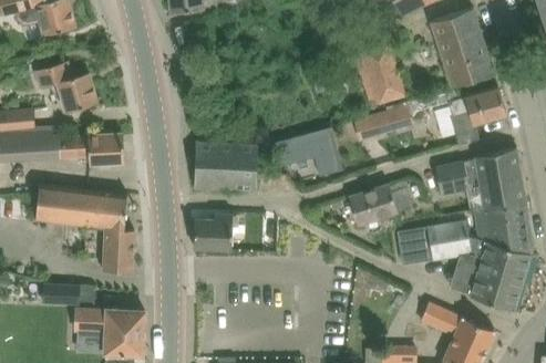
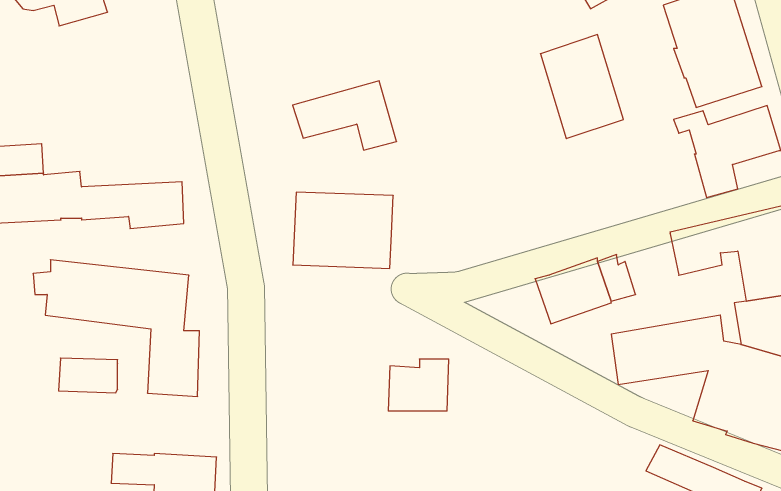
building: [37,62,97,113] -> none
building: [353,103,413,141] -> none
building: [275,129,341,174] -> [293,81,397,150]
building: [194,215,233,248] -> [388,359,449,411]
building: [42,283,80,305] -> [59,358,118,393]

